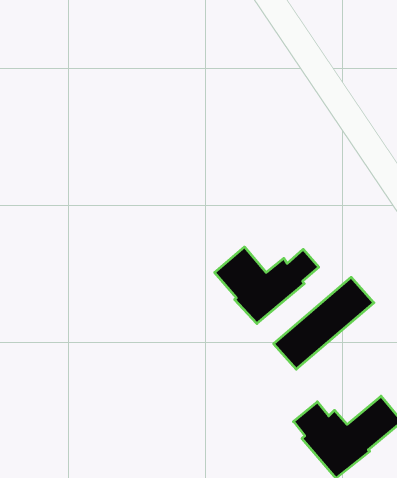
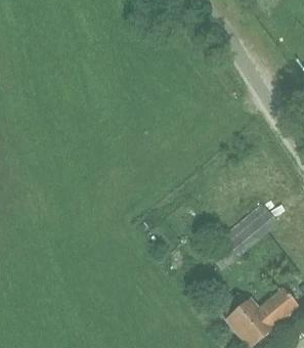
building: [215,247,319,324] -> none

